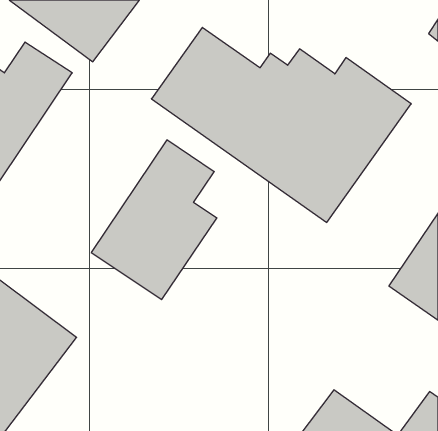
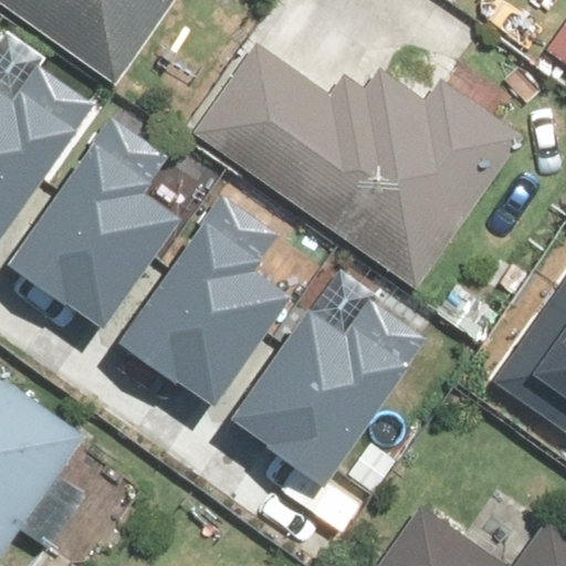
building: none -> [14,111,176,316]
building: none -> [237,284,424,470]

